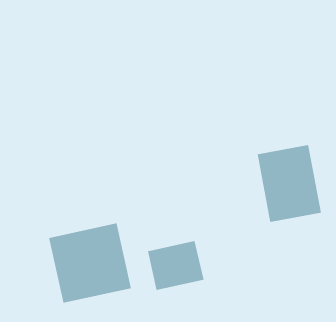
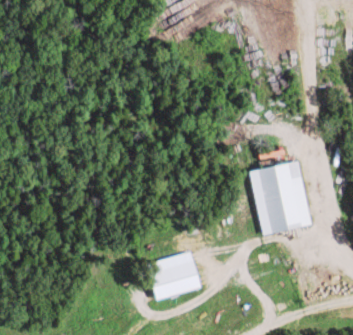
building: [49,223,131,304] -> none

